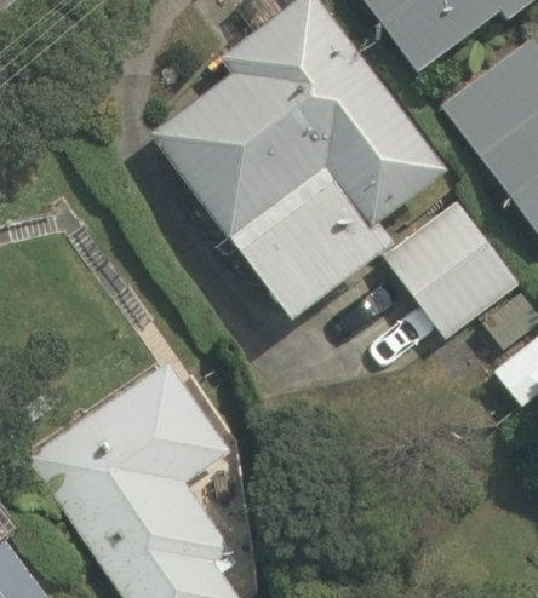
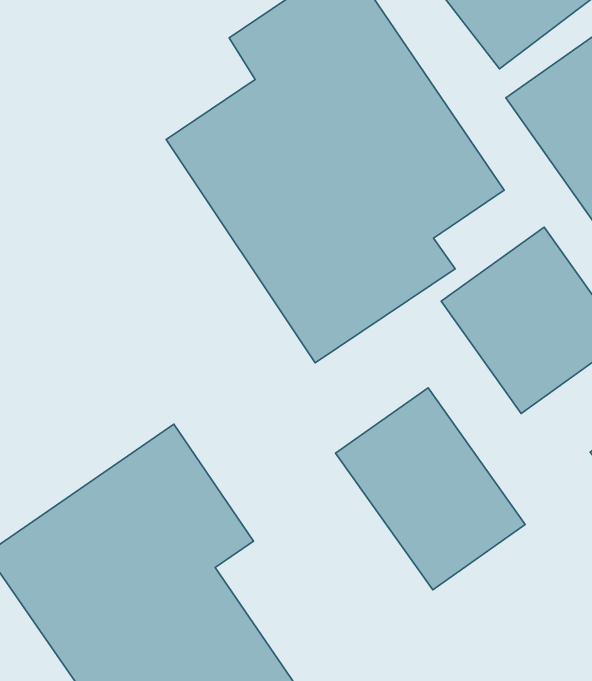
building: none -> [336,388,525,590]

